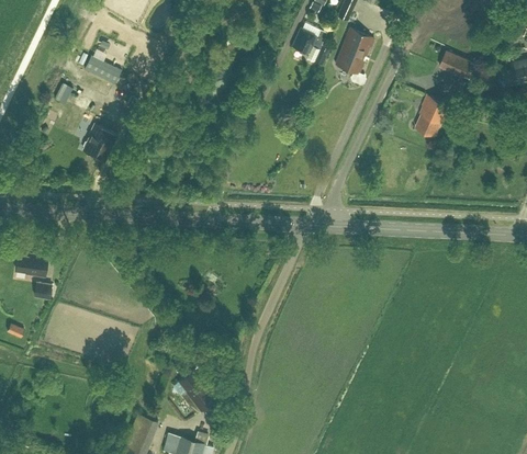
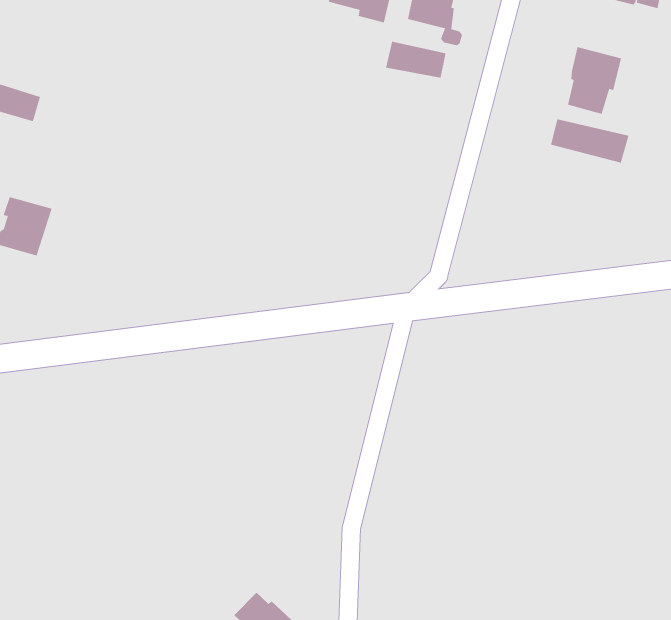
building: none -> [386,41,446,79]
building: none -> [551,118,629,163]

